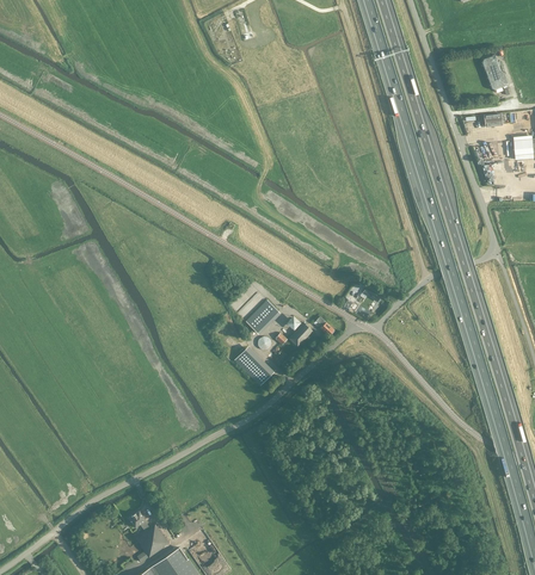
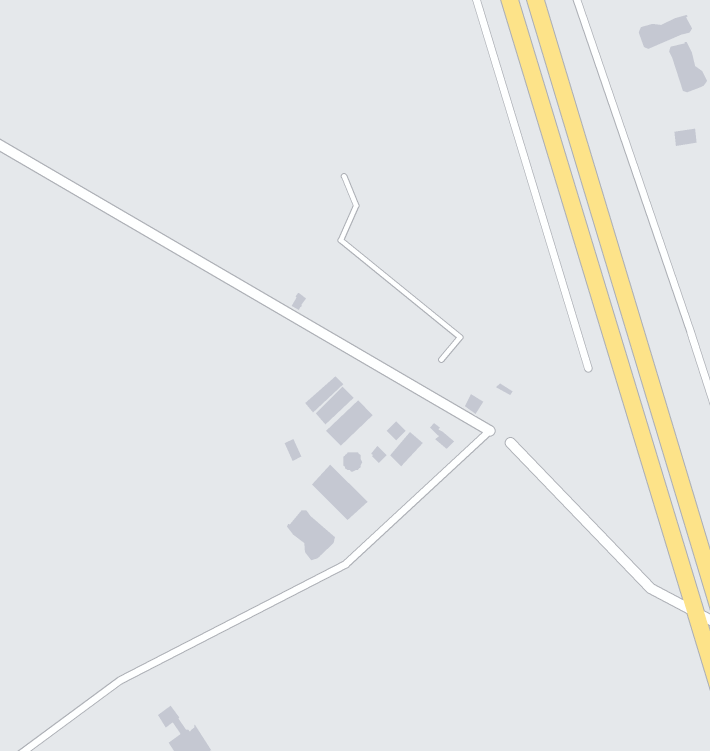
building: none -> [638,14,693,50]
building: none -> [286,510,336,561]

